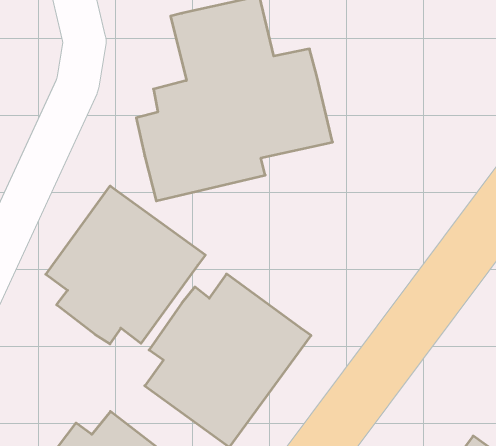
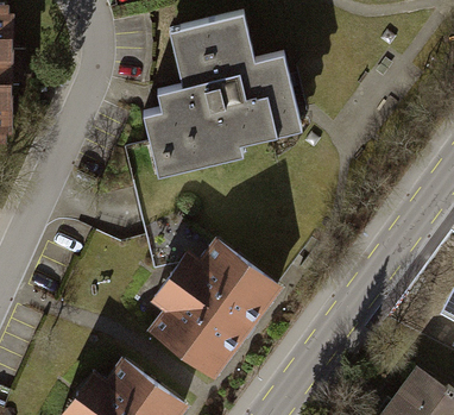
building: [46,186,205,344] -> none

